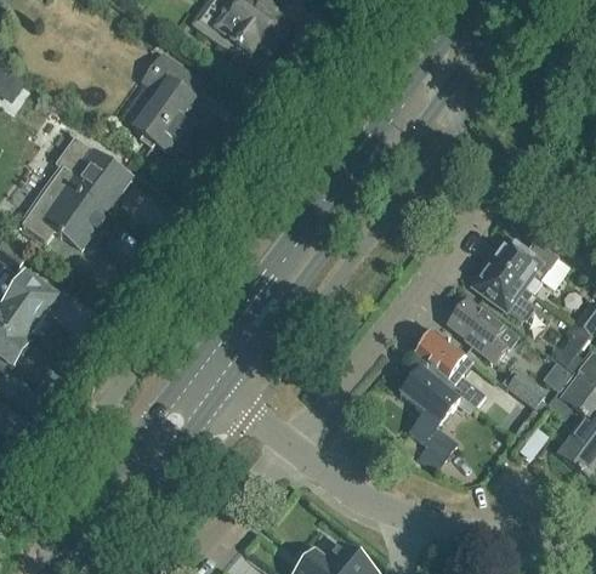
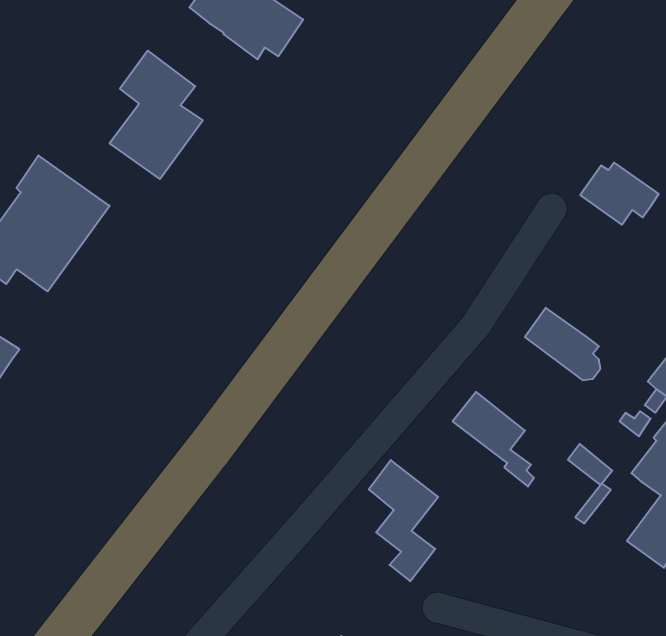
building: [489,234,554,285] -> [580,163,659,225]
building: [447,299,518,362] -> none
building: [401,369,458,468] -> [369,460,438,581]

